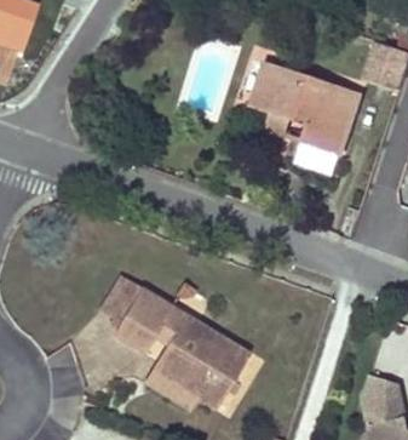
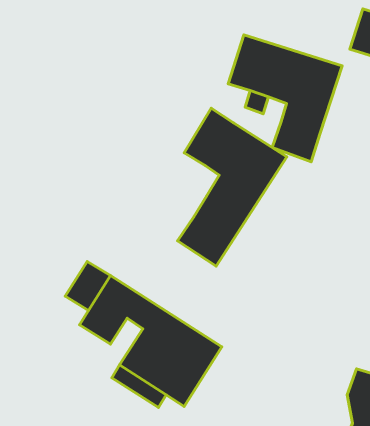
building: none -> [178,108,287,266]

